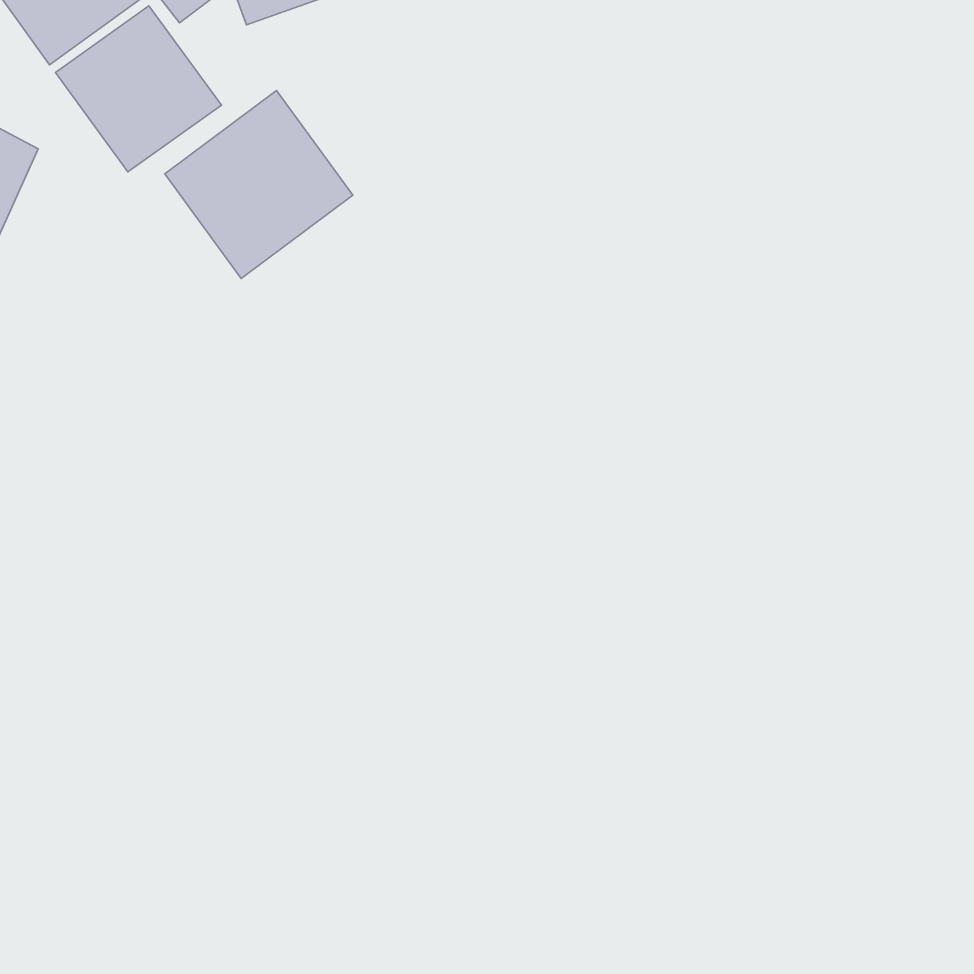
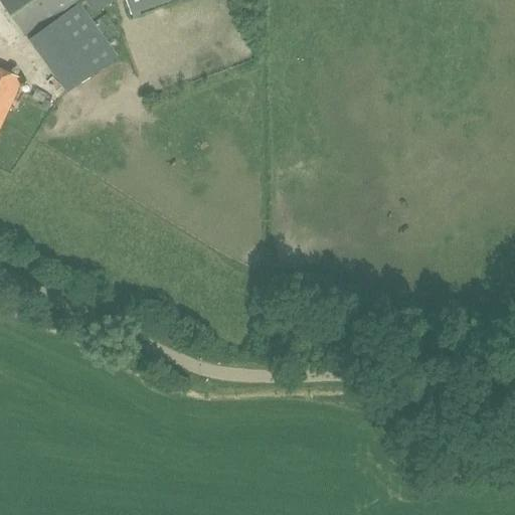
building: [165,91,353,279] -> none

